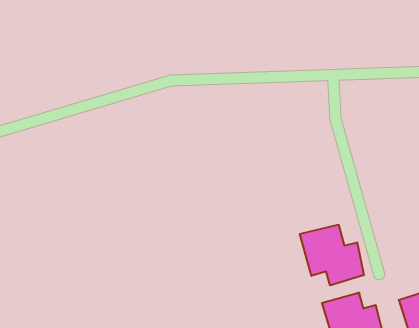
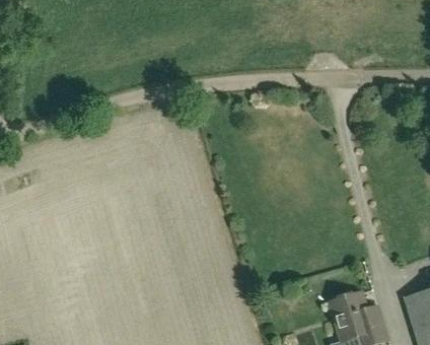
building: [300,225,364,285] -> none

